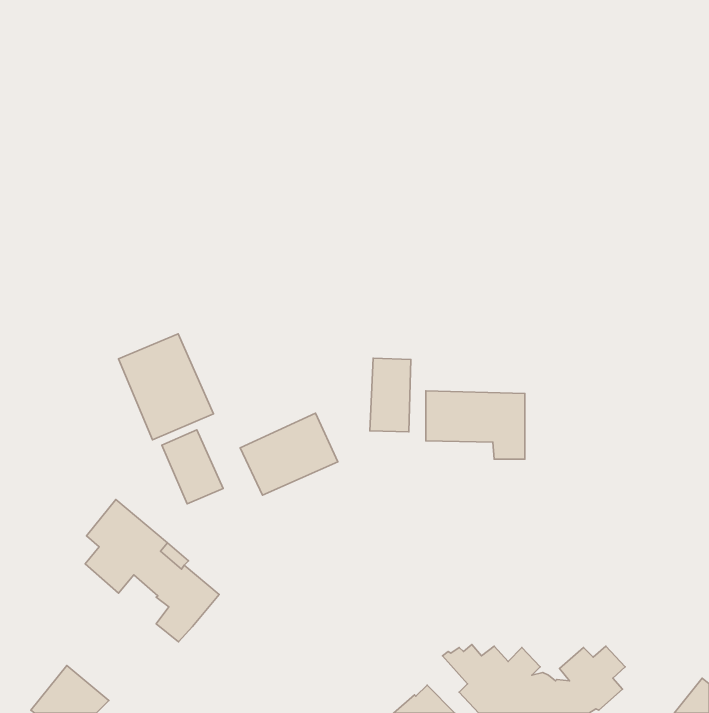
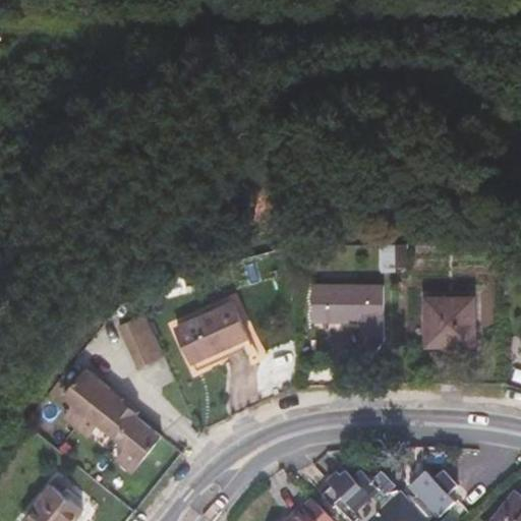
building: [118,334,213,440] -> none
building: [370,358,411,432] -> none
building: none -> [424,297,473,344]

